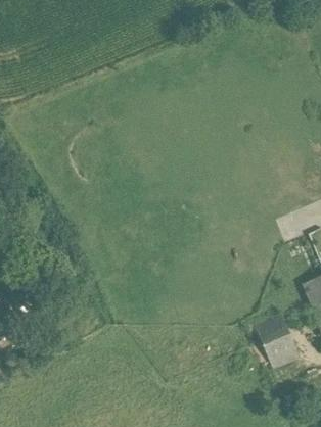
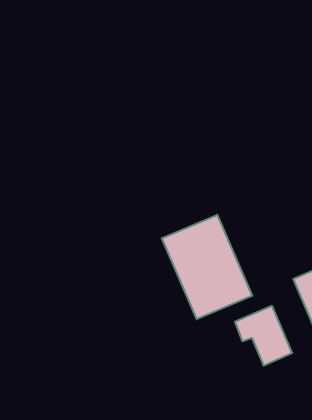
building: none -> [162,215,252,319]

